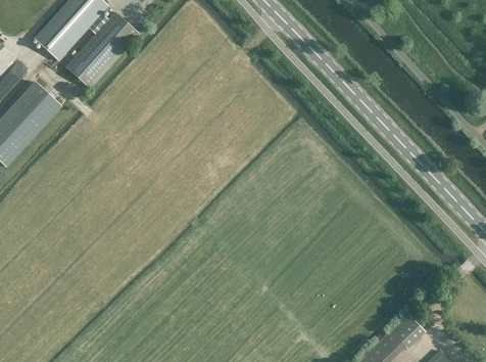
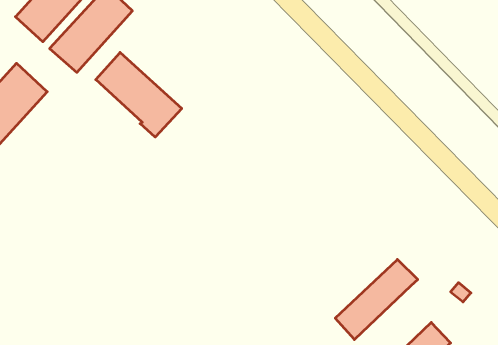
building: none -> [96,52,182,137]
building: none -> [335,259,418,340]

